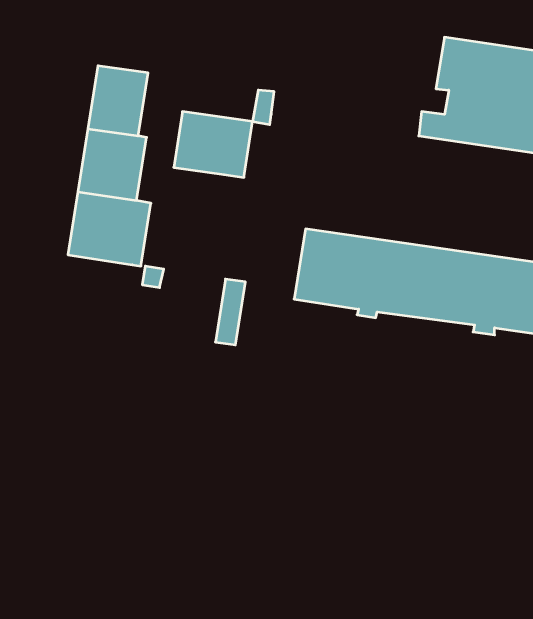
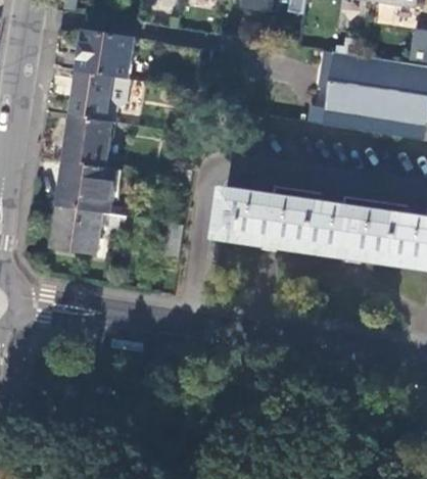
building: [174,112,253,177] -> [77,31,133,78]
building: none -> [49,205,101,253]

